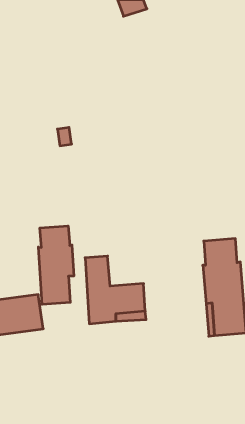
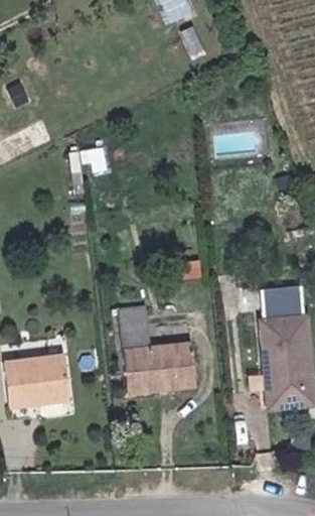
building: [38,226,74,304] -> none

